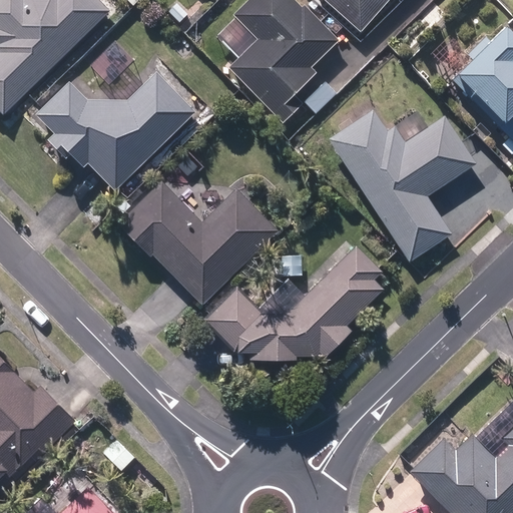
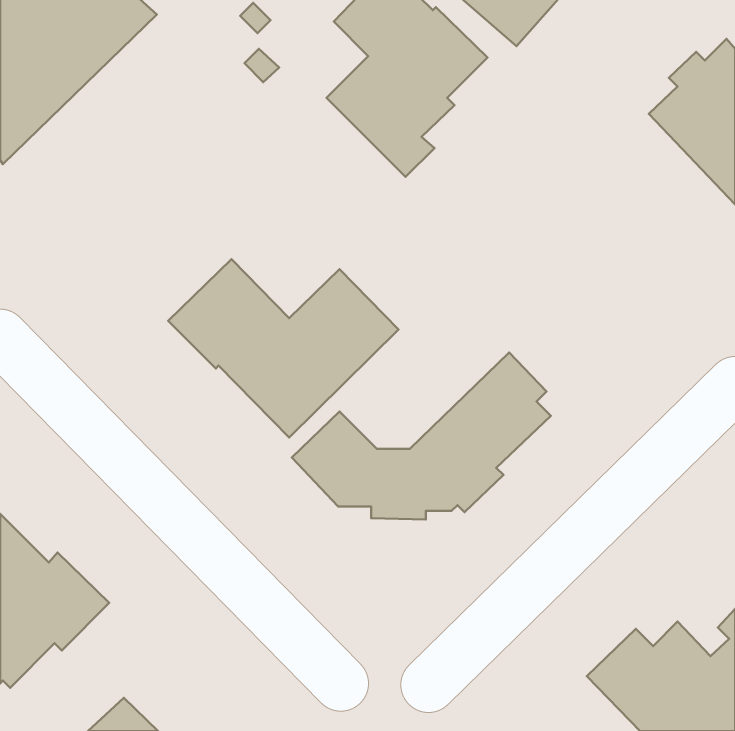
building: [36,72,193,190] -> none
building: [328,109,476,261] -> none

